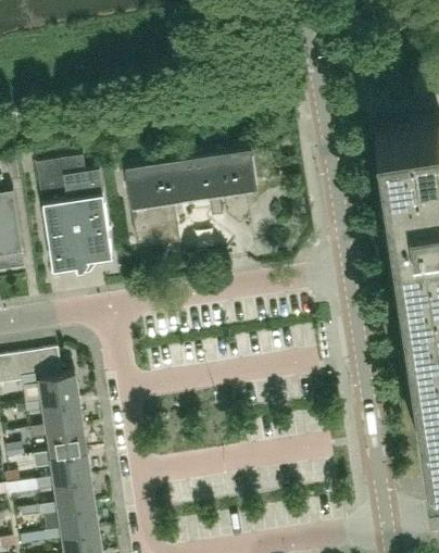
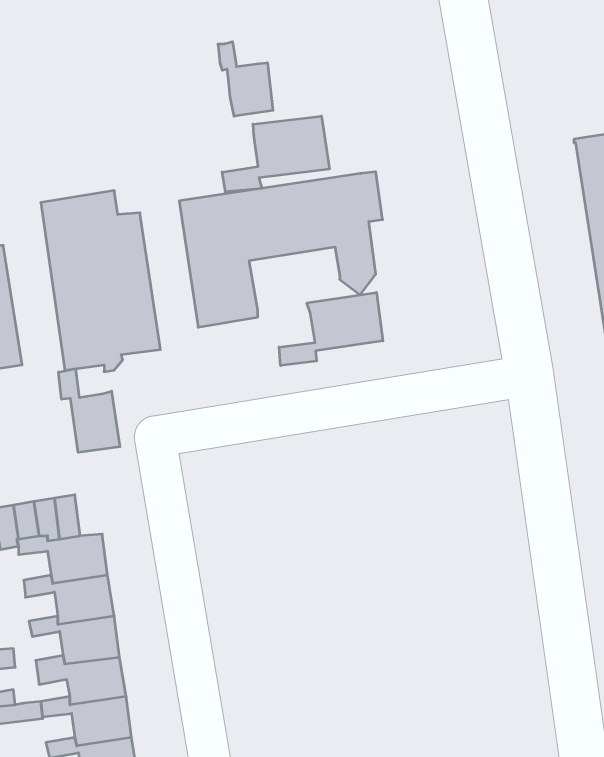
building: none -> [218,42,273,116]
building: none -> [222,116,329,192]
building: none -> [279,292,383,366]
building: none -> [59,369,120,452]

